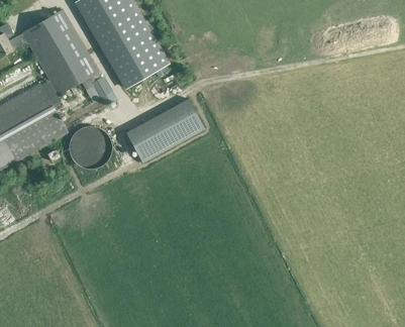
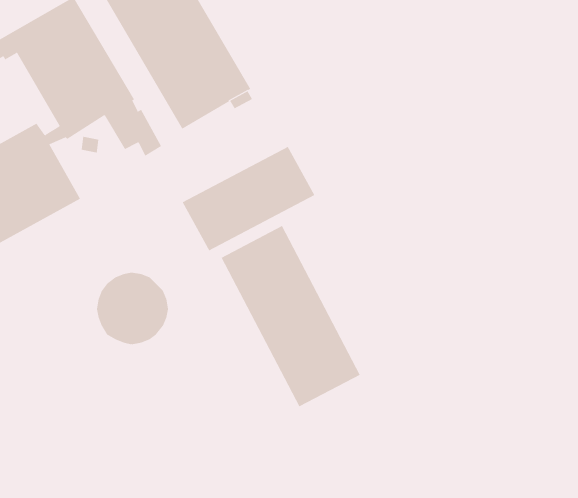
building: [68,125,111,169] -> [96,272,169,345]
building: none -> [221,225,361,407]

